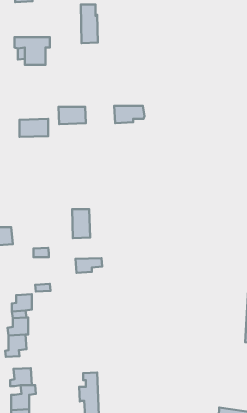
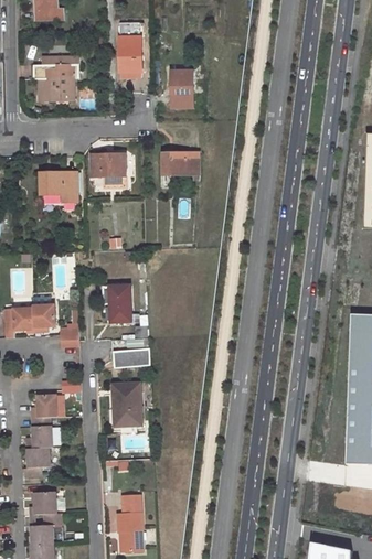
building: none -> [171,72,193,106]
building: none -> [31,305,55,333]
building: none -> [113,384,142,426]

